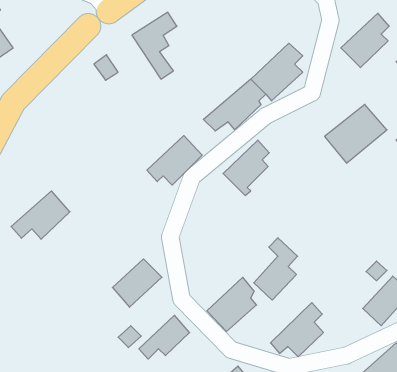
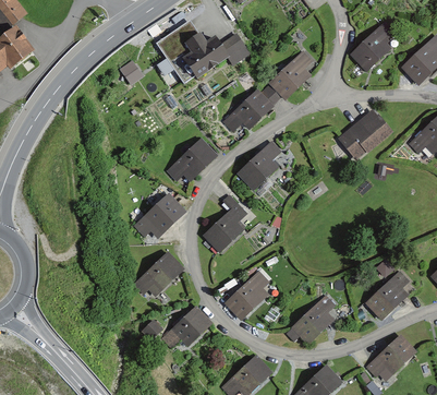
building: none -> [180,31,248,79]
building: [11,191,70,239] -> [131,190,186,236]
building: [254,238,298,300] -> [205,193,246,252]

